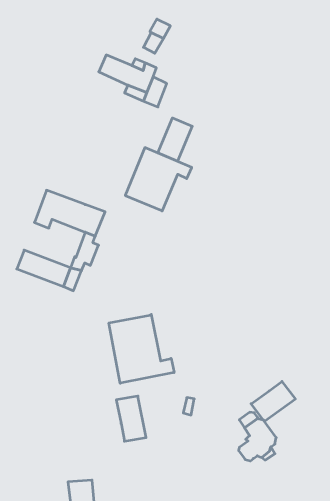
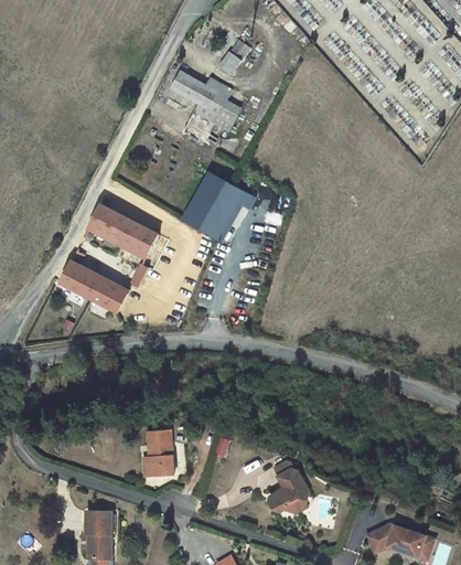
building: [158,118,192,161] -> none
building: [109,314,174,383] -> none
building: [251,381,295,421] -> none

